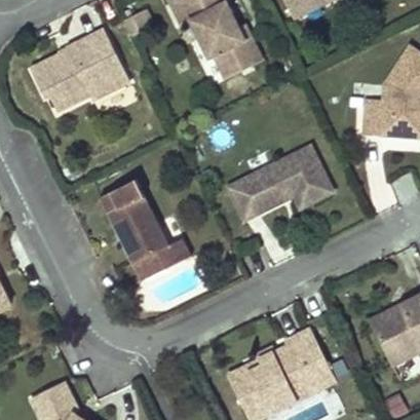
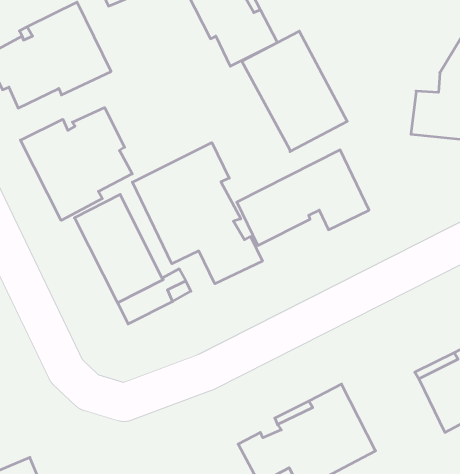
building: none -> [242,31,347,152]
building: none -> [20,108,132,220]
building: none -> [132,143,262,284]

